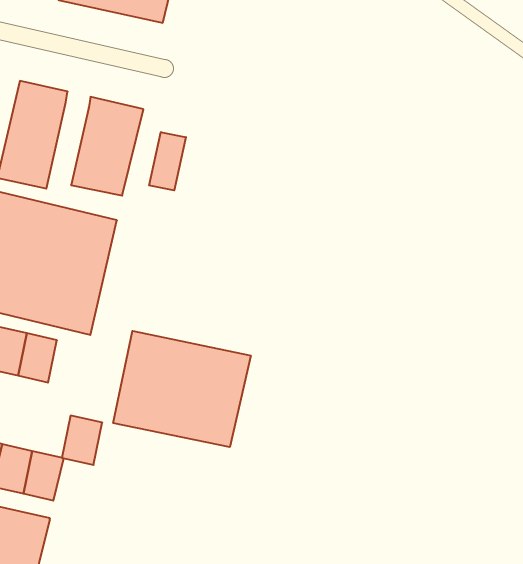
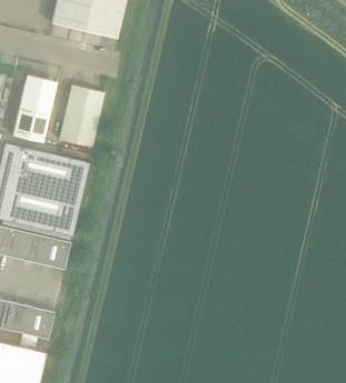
building: [149,132,186,190] -> none
building: [113,331,251,447] -> none
building: [62,416,102,465] -> [45,238,70,269]

